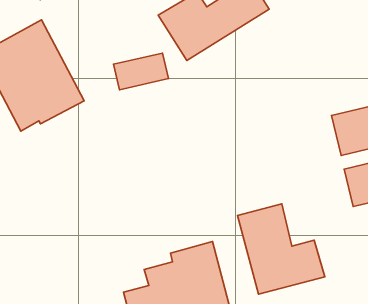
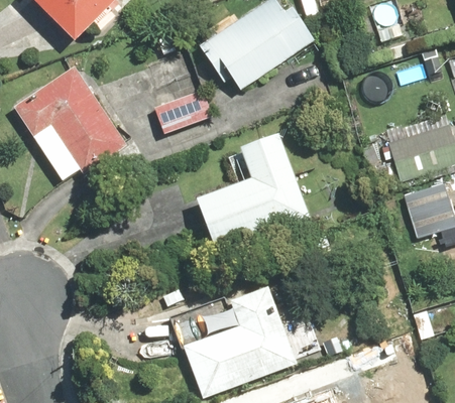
building: none -> [195,132,311,252]
building: [238,204,325,294] -> none

